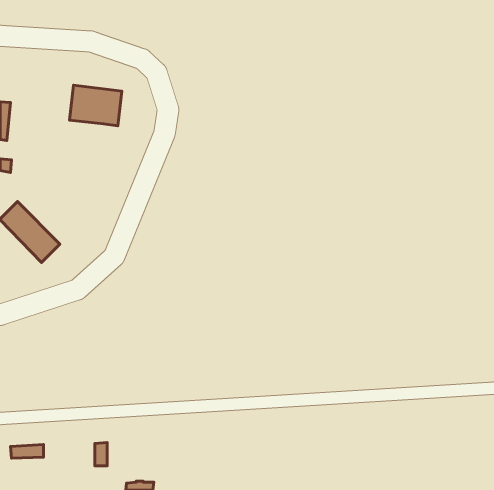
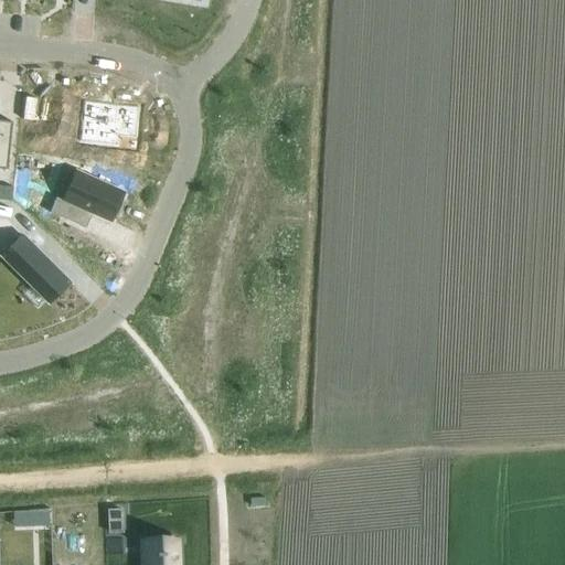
building: none -> [41,179,120,231]

